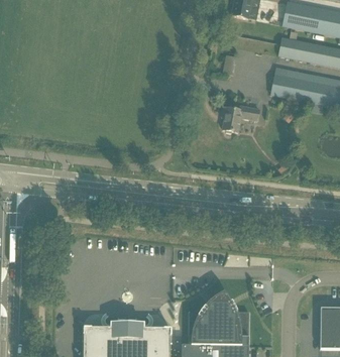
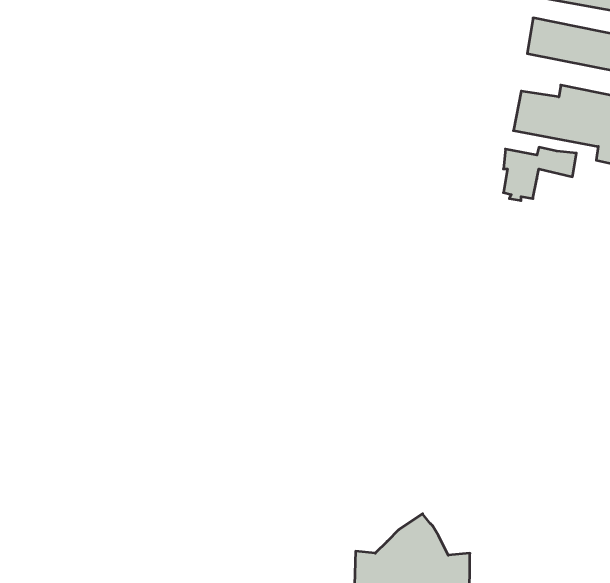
building: [222,106,259,133] -> [503,147,576,201]

